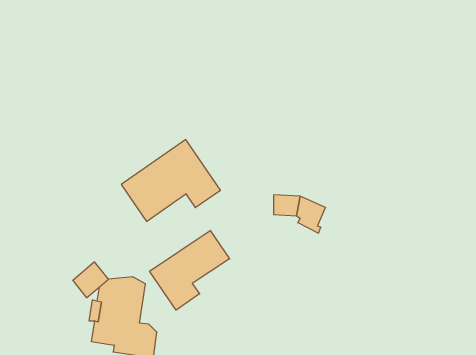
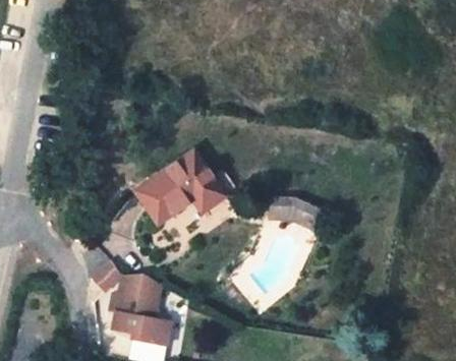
building: [150,230,230,310] -> none

